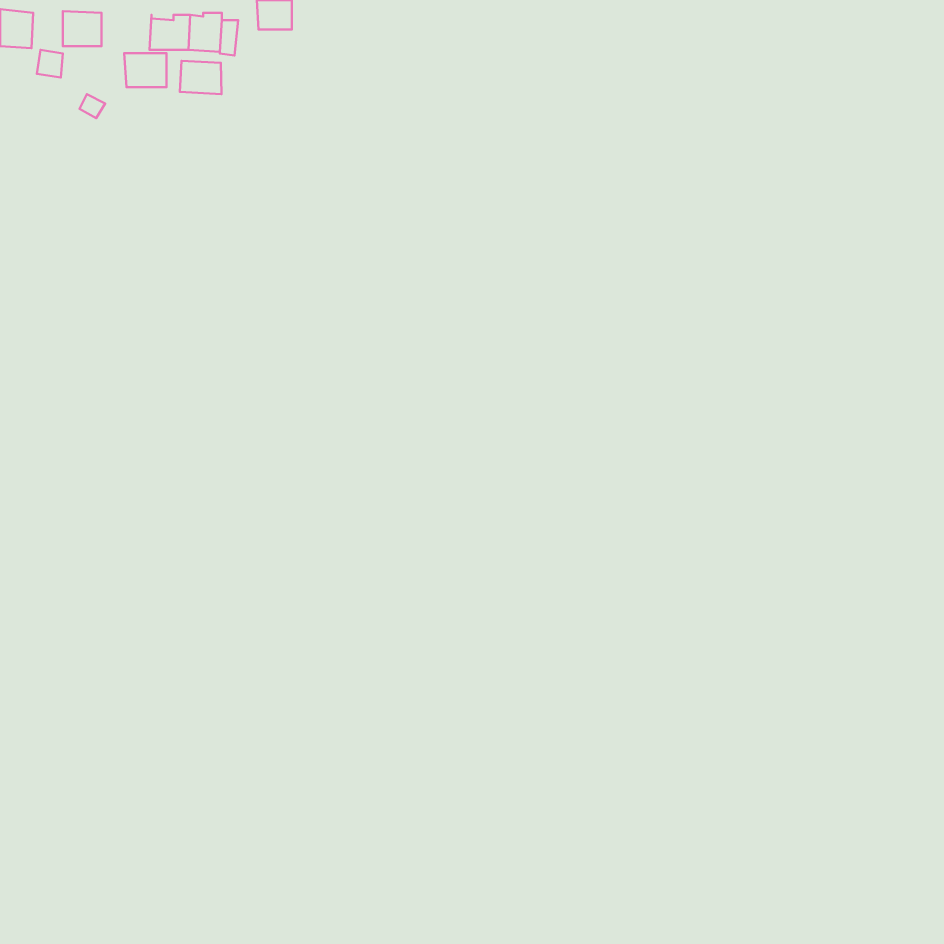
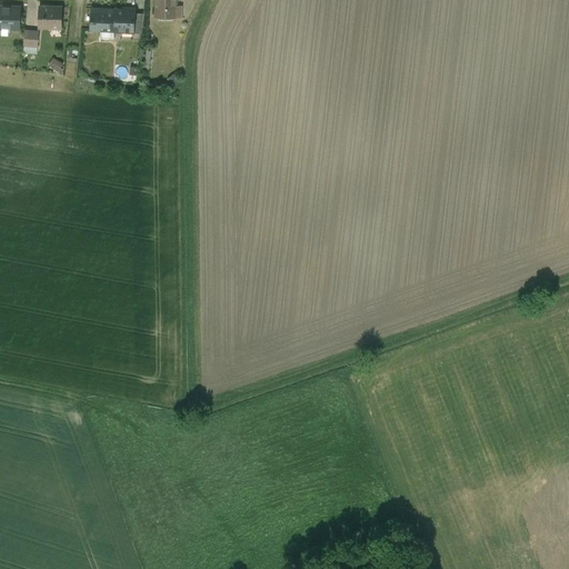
building: [124,53,167,87] -> none
building: [180,61,221,94] -> none

